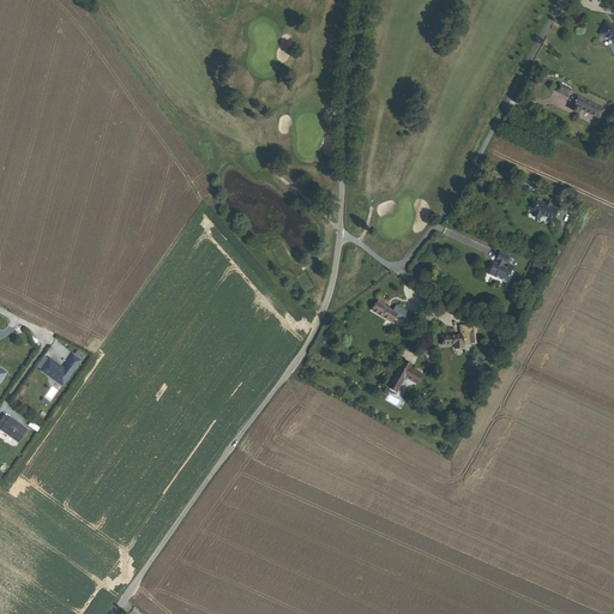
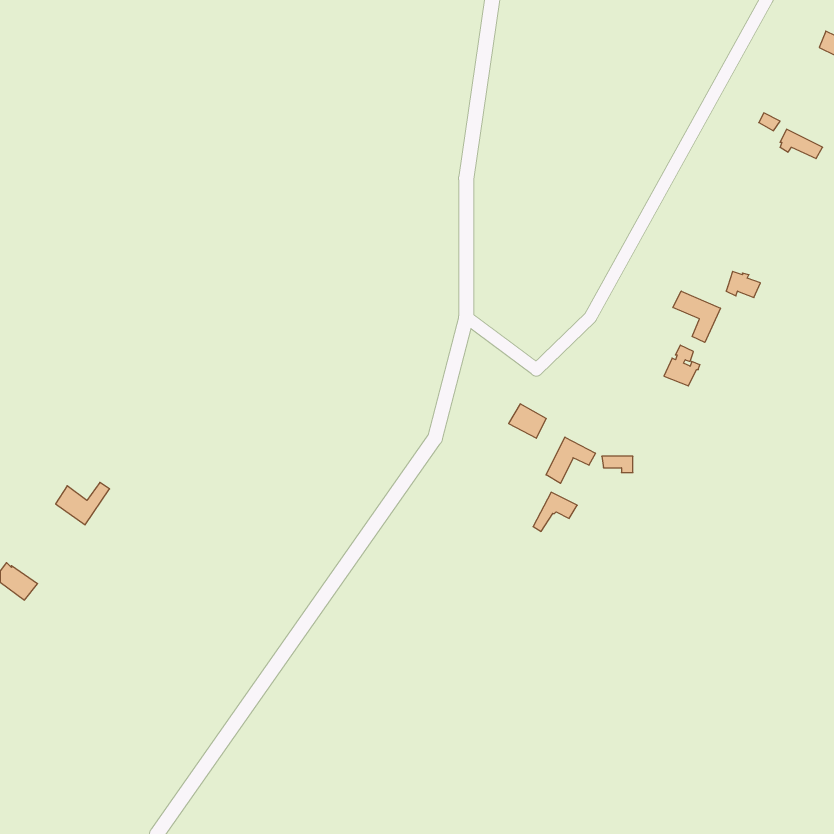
building: none -> [673,291,720,342]
building: none -> [546,437,595,483]

